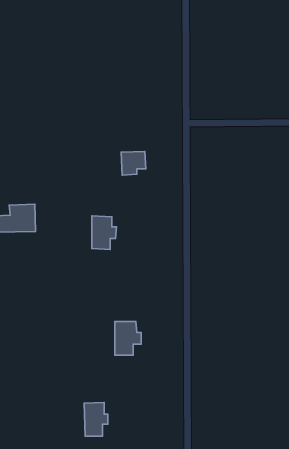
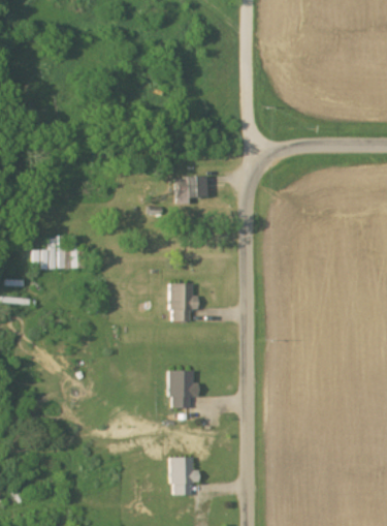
building: [92,216,116,250] -> [170,283,198,321]
building: [84,402,108,436] -> [170,457,197,495]

